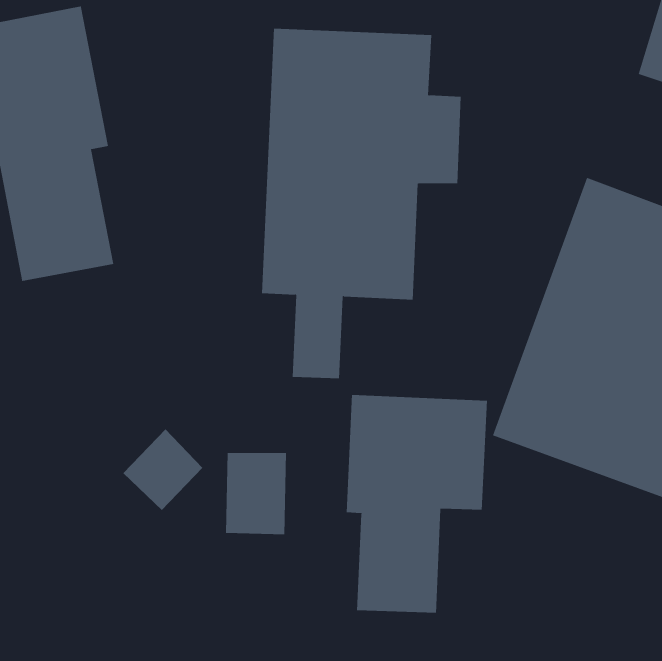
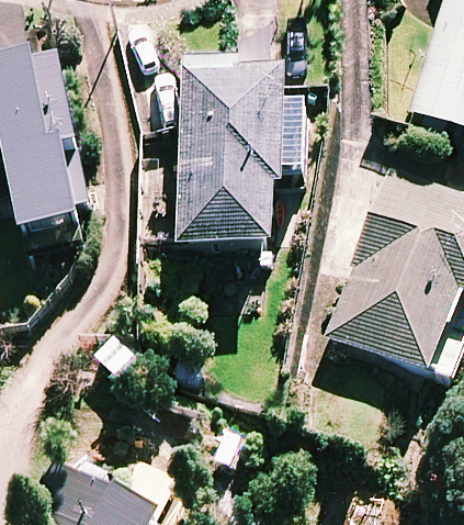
building: [346,394,487,614] -> none

